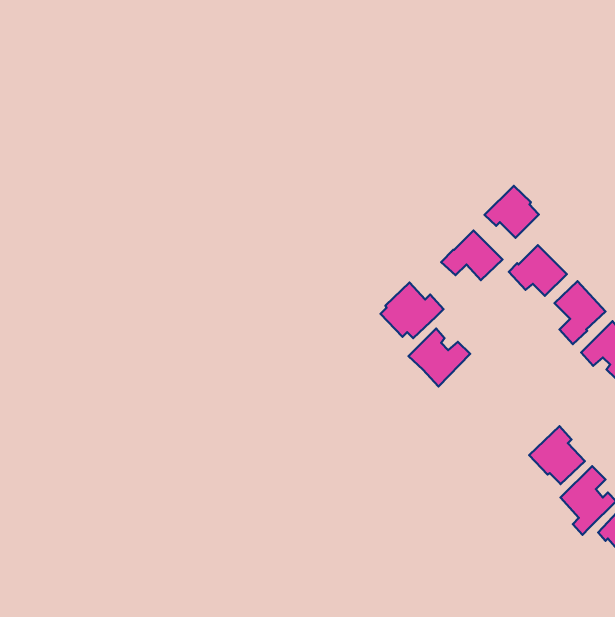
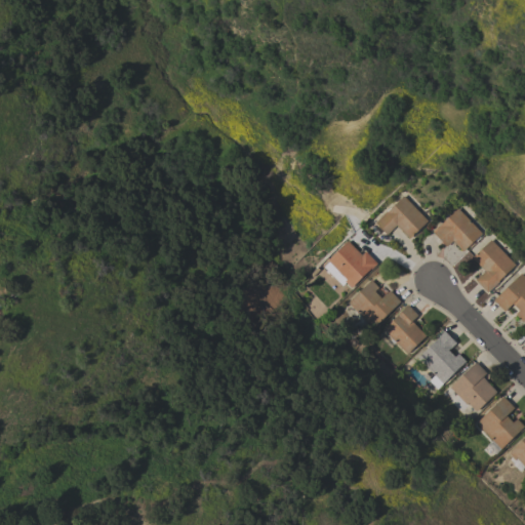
building: [485,186,539,238] -> none
building: none -> [383,305,428,354]
building: none -> [418,330,467,383]

